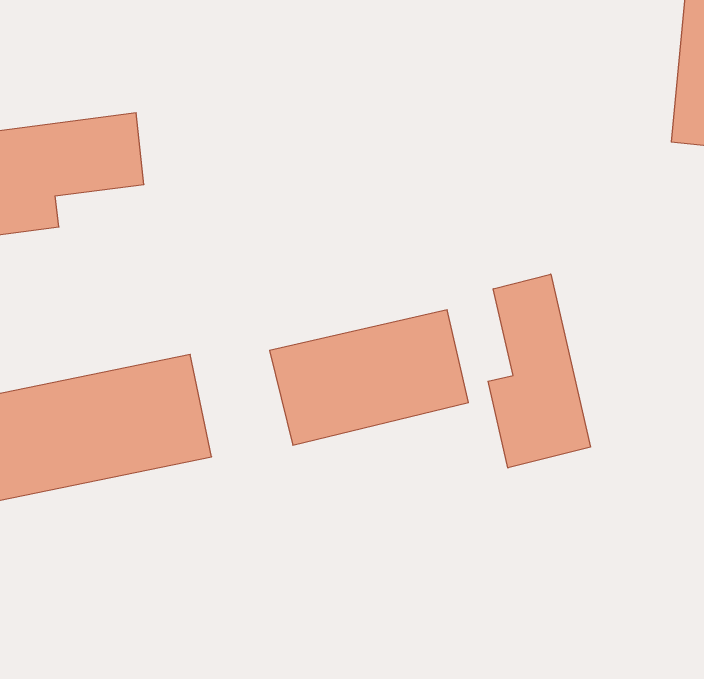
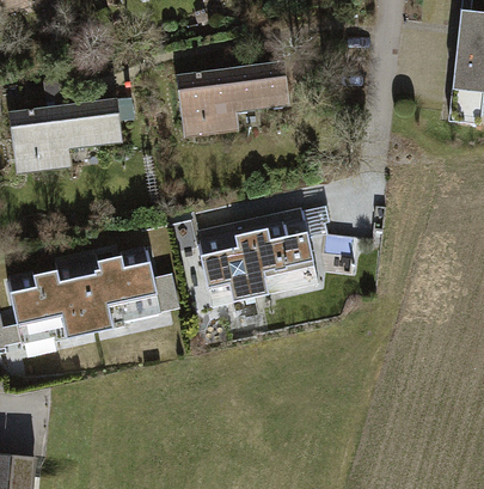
building: none -> [171,55,288,134]
building: [488,274,590,468] -> none

